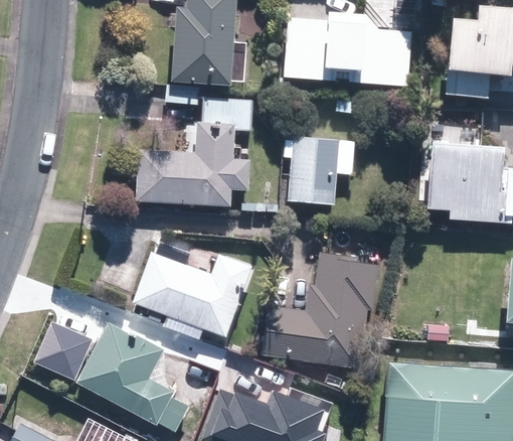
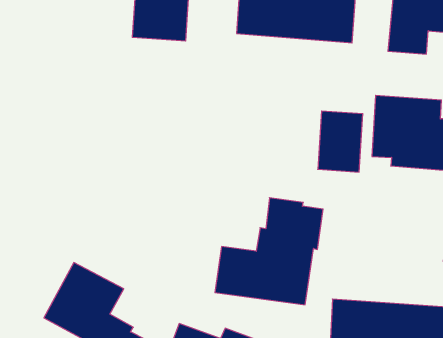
building: [137,97,253,206] -> none
building: [290,137,338,202] -> [318,111,363,172]
building: [134,253,250,335] -> none
building: [36,321,92,379] -> none

